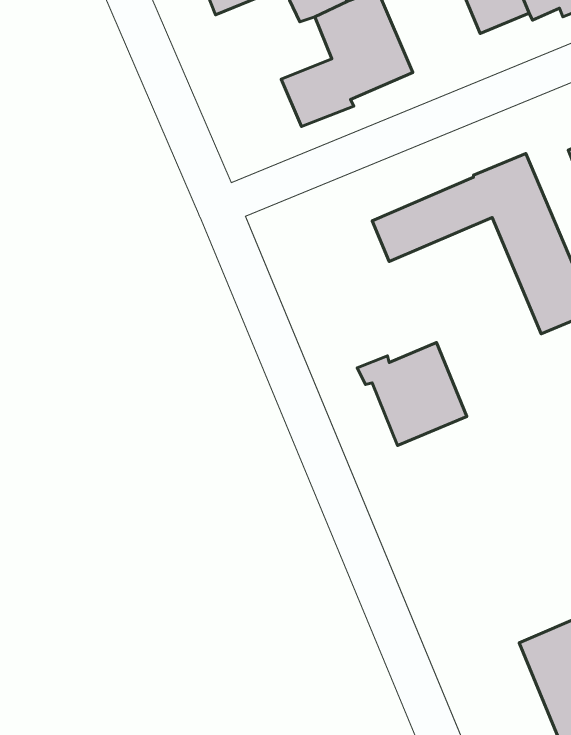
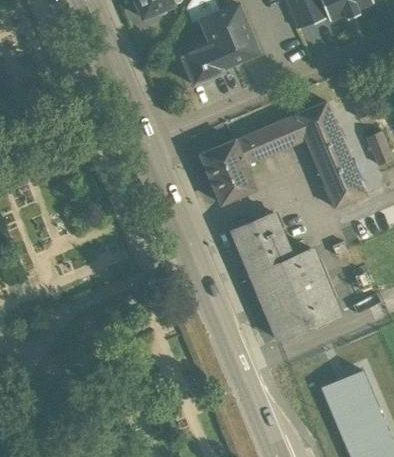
building: none -> [200,139,256,203]
building: none -> [250,247,339,340]

